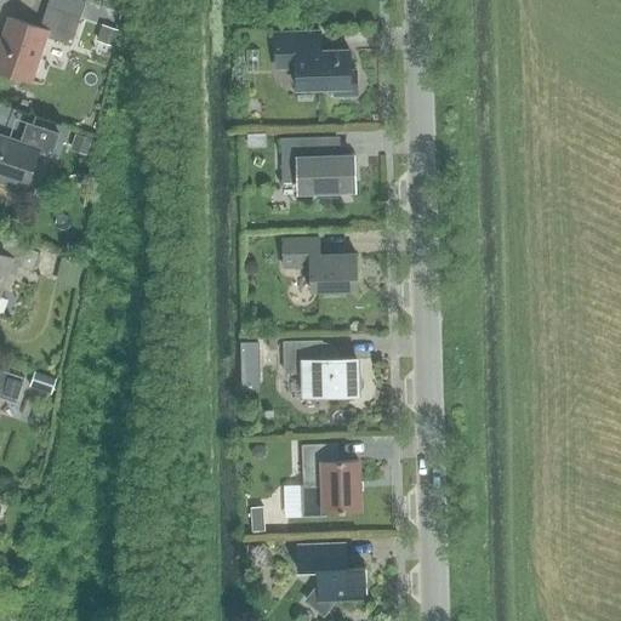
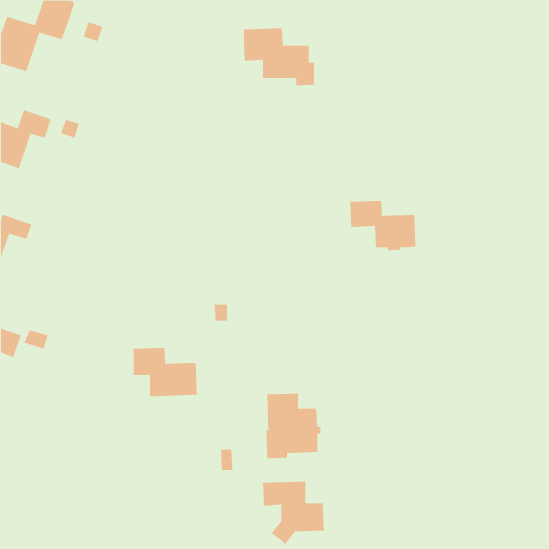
building: [280,137,354,196] -> none
building: [281,238,357,295] -> [349,200,416,251]
building: [284,341,357,397] -> [133,347,197,397]

